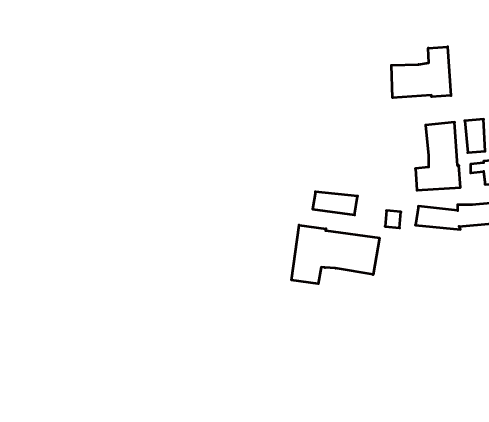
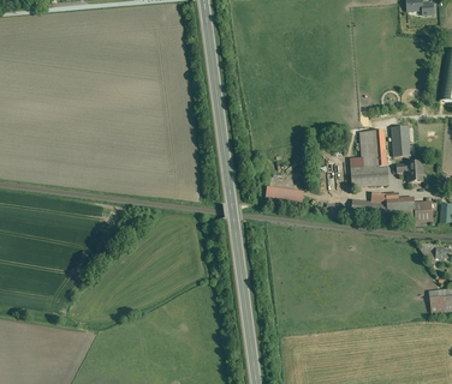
building: [391,47,451,98] -> none
building: [292,225,379,284] -> none

